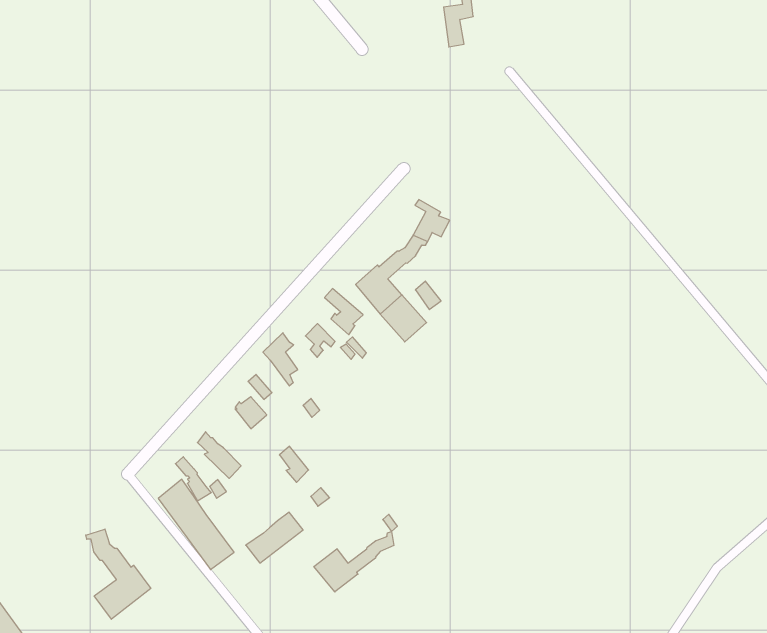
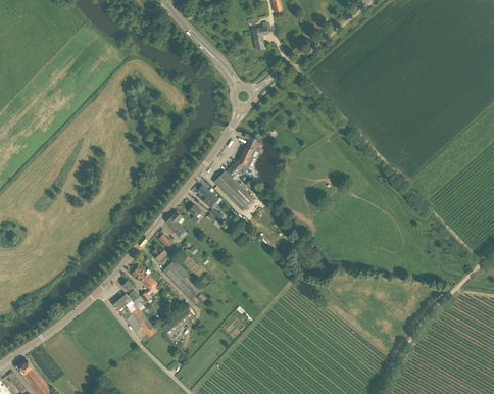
building: [86,529,151,619] -> none
building: [314,531,394,592] -> none

